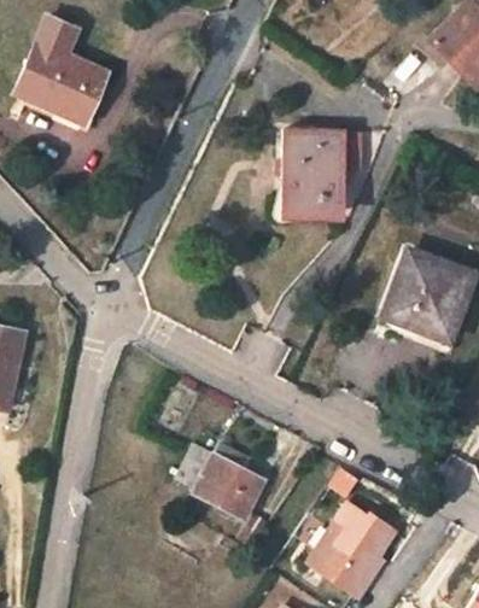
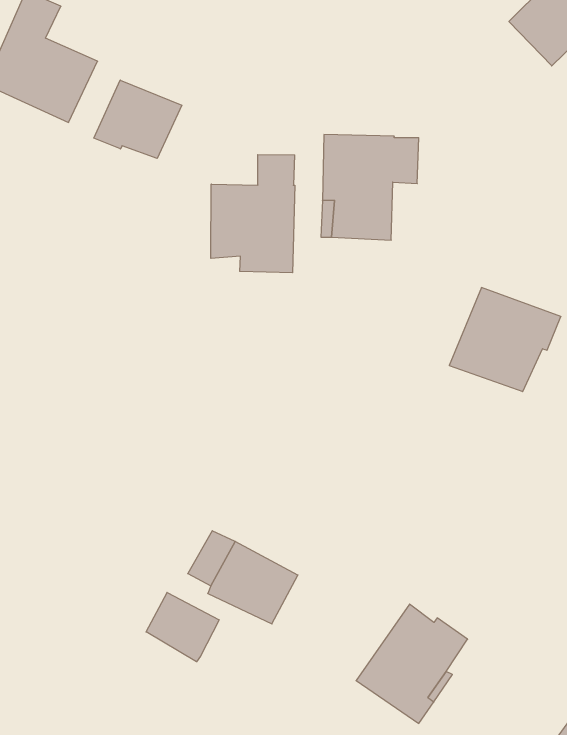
building: none -> [94,80,182,158]
building: none -> [211,155,295,273]
building: none -> [146,592,219,662]

